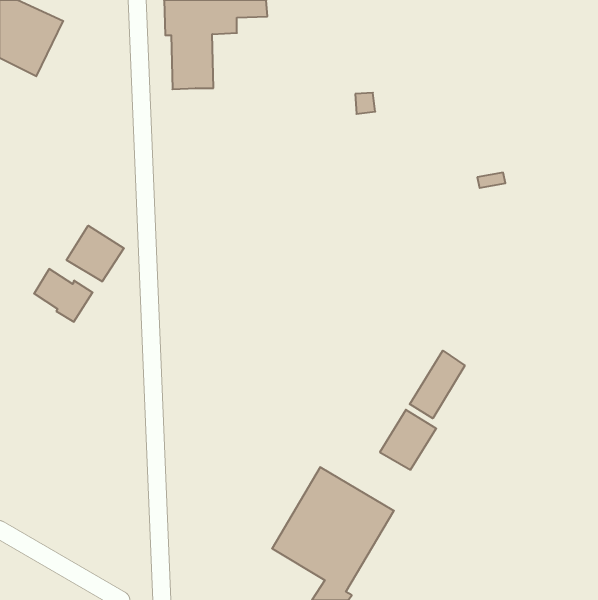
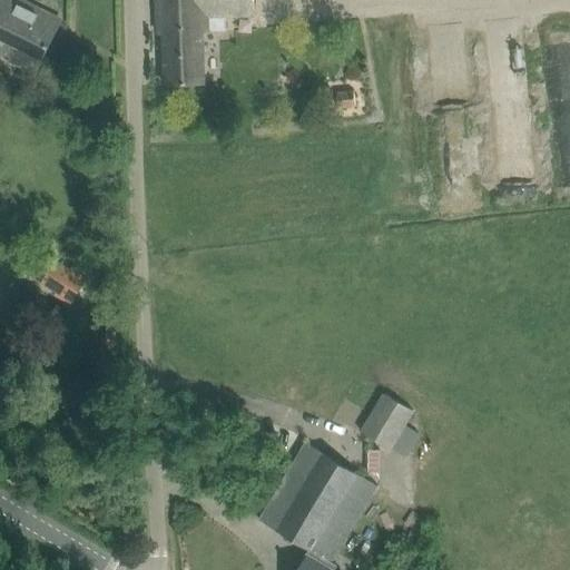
building: [67,226,124,282] -> none
building: [410,351,465,418] -> none

